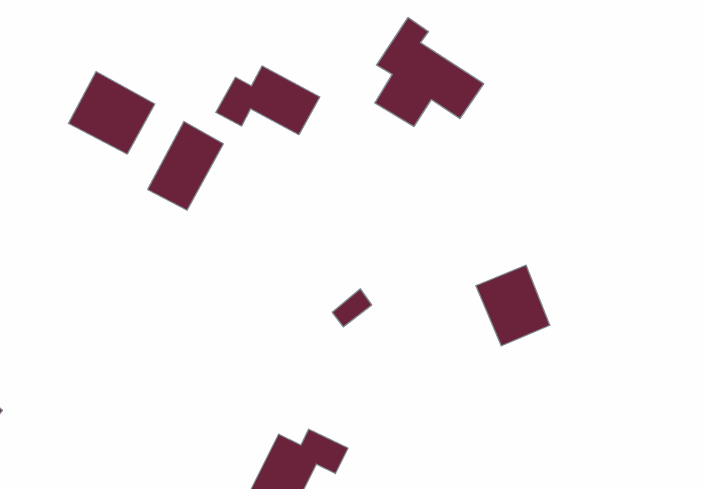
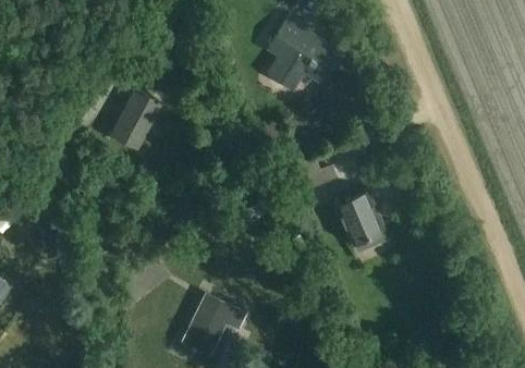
building: [216,66,320,135] -> none
building: [68,72,155,154] -> none

